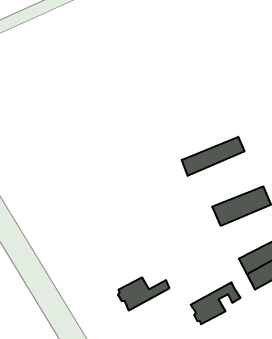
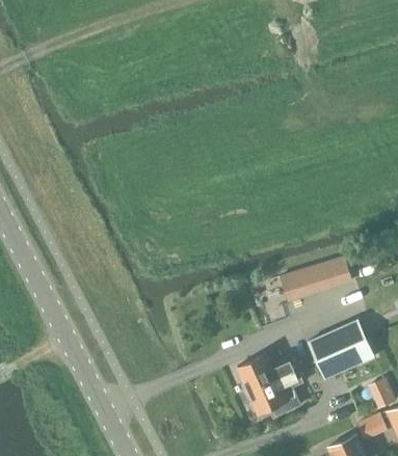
building: [182,137,244,176] -> none
building: [118,278,169,310] -> [235,355,296,393]

